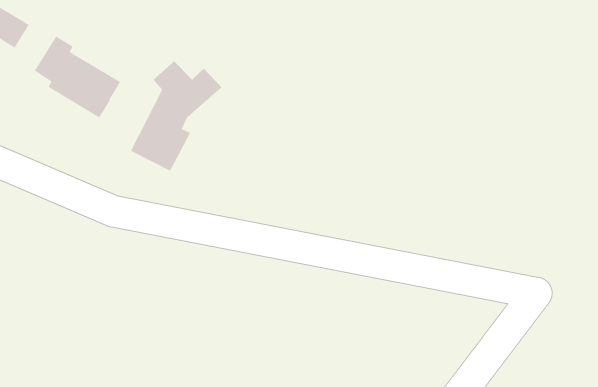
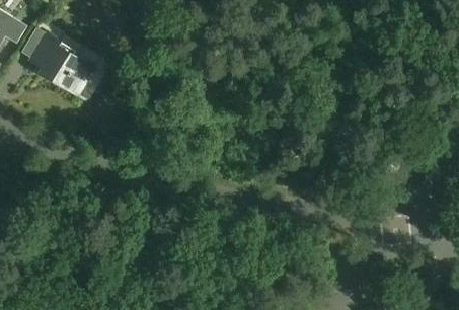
building: [130,61,222,172] -> none

